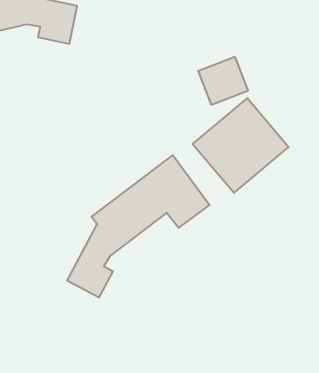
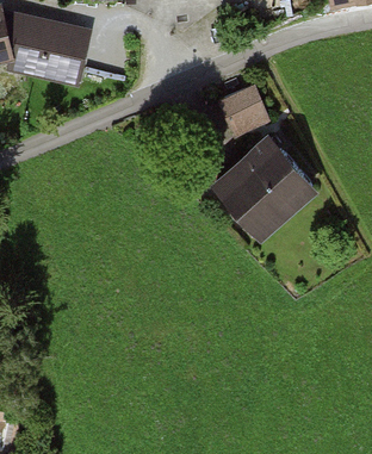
building: [67,155,210,298] -> none

